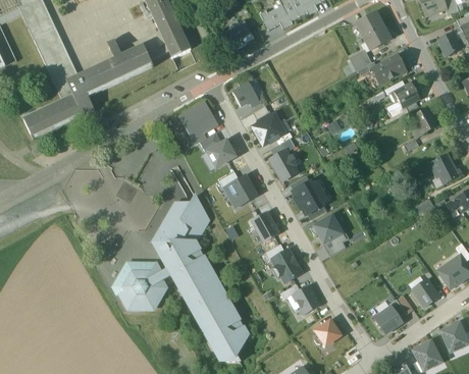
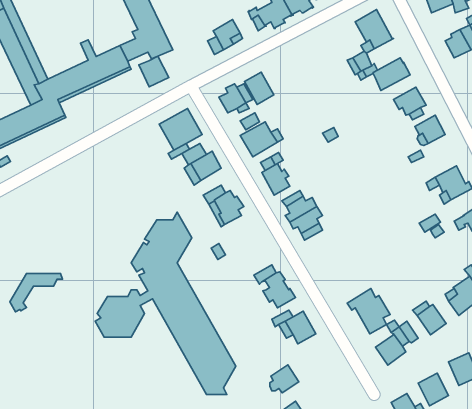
building: none -> [139,56,169,87]
building: none -> [245,72,274,104]
building: [251,211,278,241] -> none
building: [310,214,349,255] -> [347,289,390,334]
building: [110,260,158,295] -> [10,274,63,312]
building: [314,319,341,344] -> [270,365,299,393]

